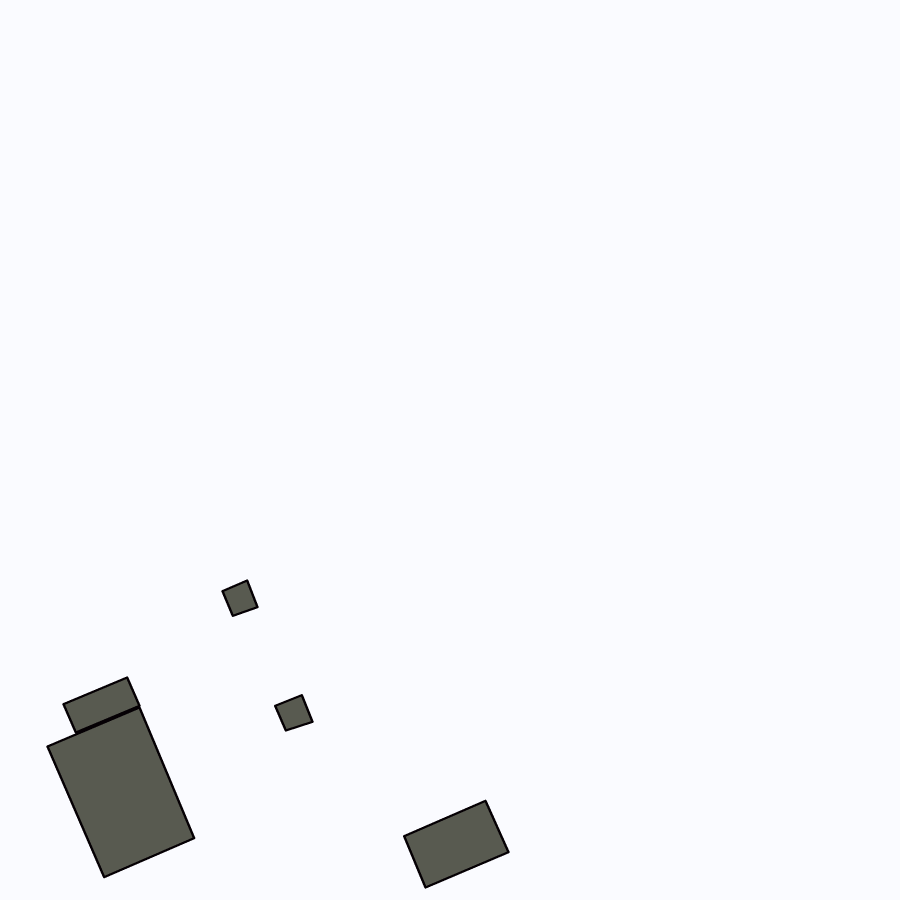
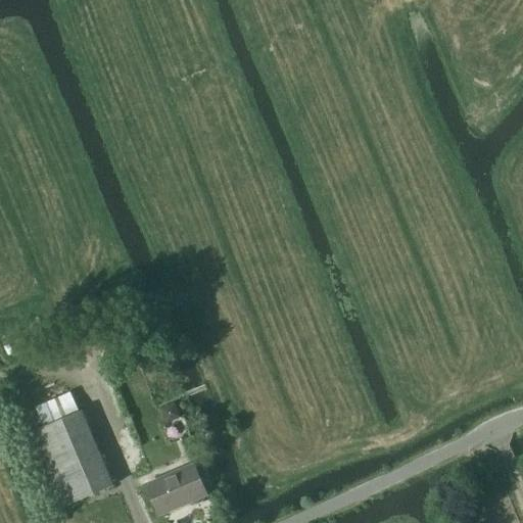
building: [404,801,508,887] -> [147,464,207,514]

